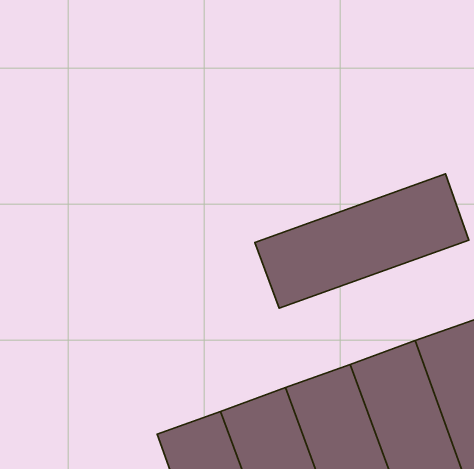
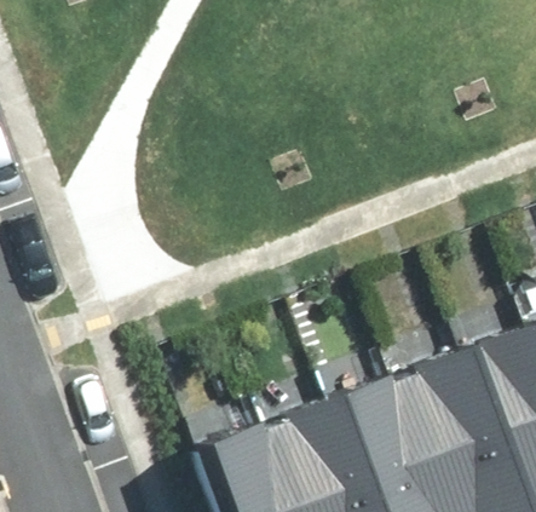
building: [255,174,469,308] -> none

